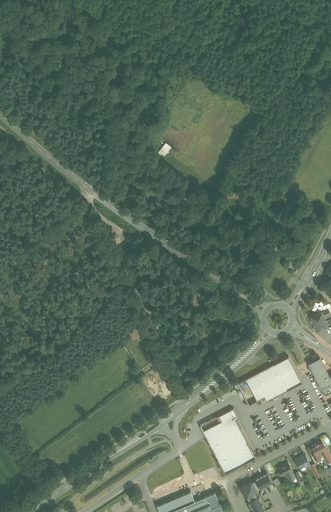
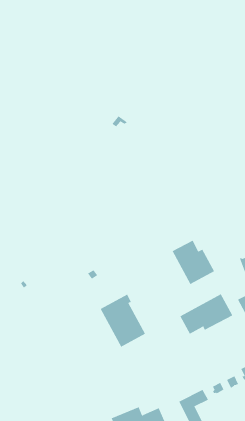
building: none -> [172,240,215,285]
building: [201,409,256,473] -> [100,294,146,347]

